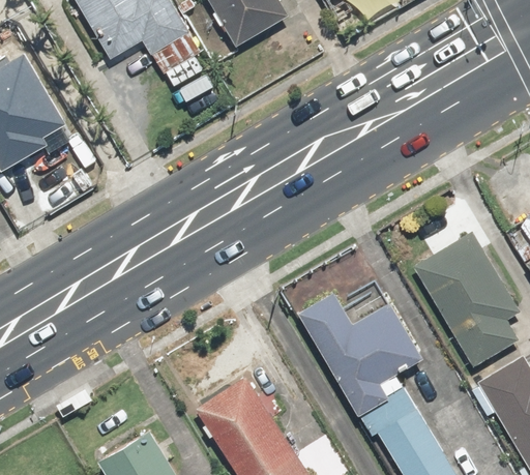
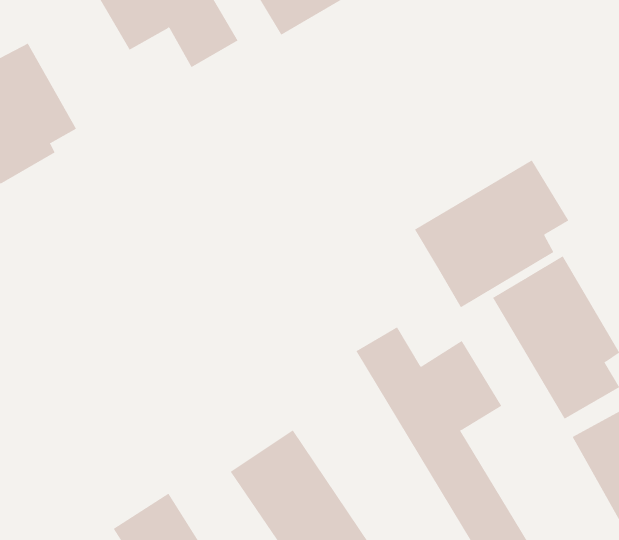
building: none -> [414,159,569,308]

